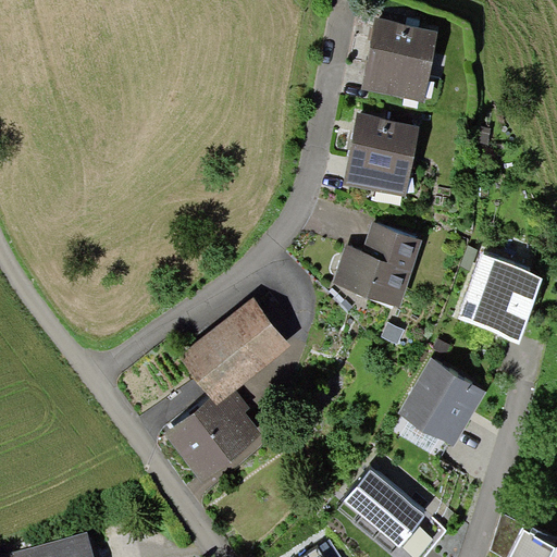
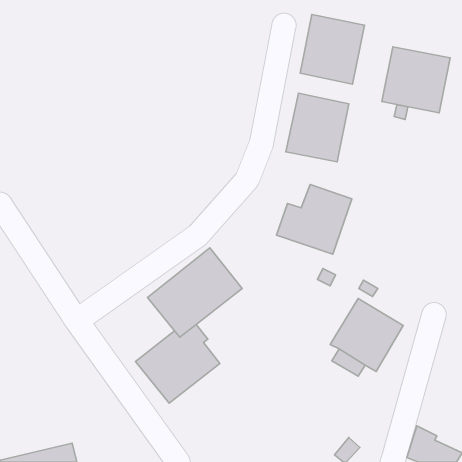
building: none -> [382,47,450,113]
building: [457,252,543,341] -> none
building: [345,469,425,547] -> none

